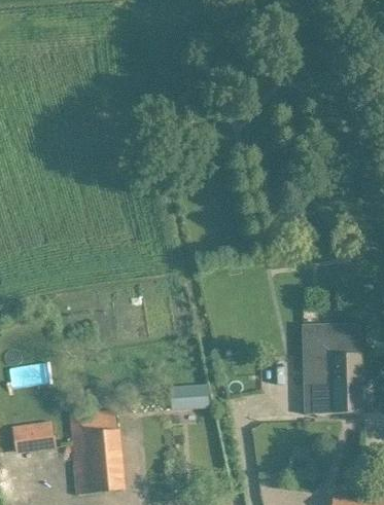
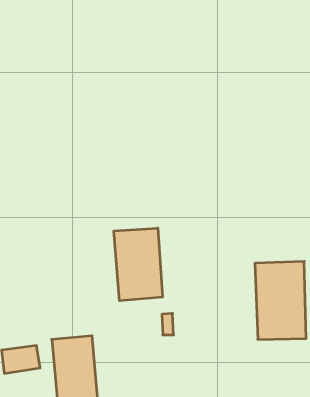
building: none -> [114,228,162,301]
building: [171,386,198,411] -> none

